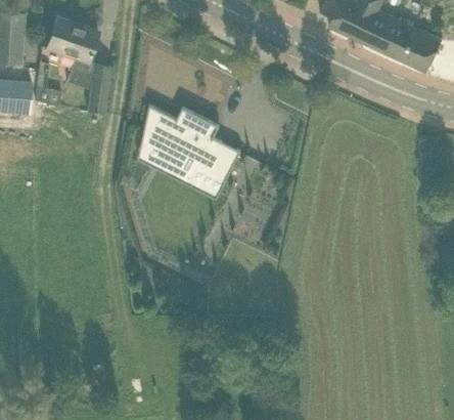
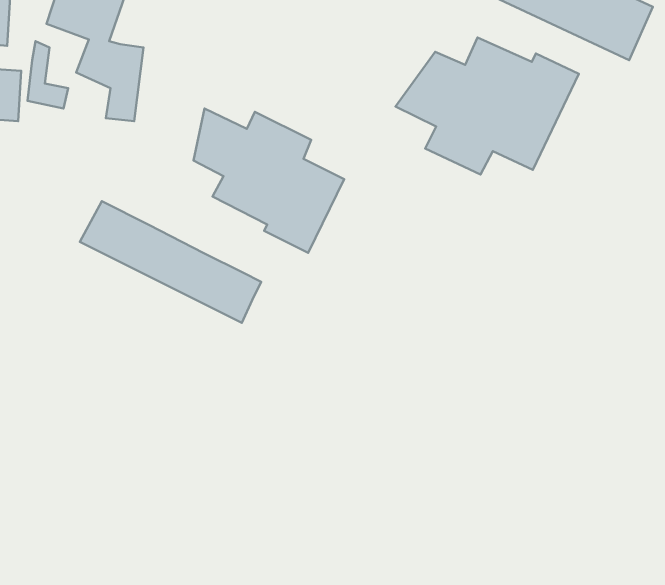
building: none -> [395,37,579,175]
building: none -> [80,201,261,323]

